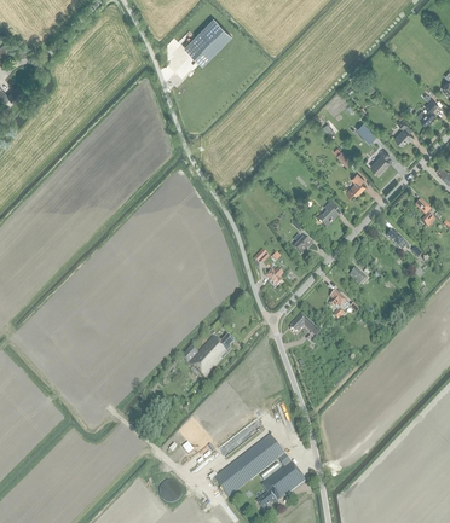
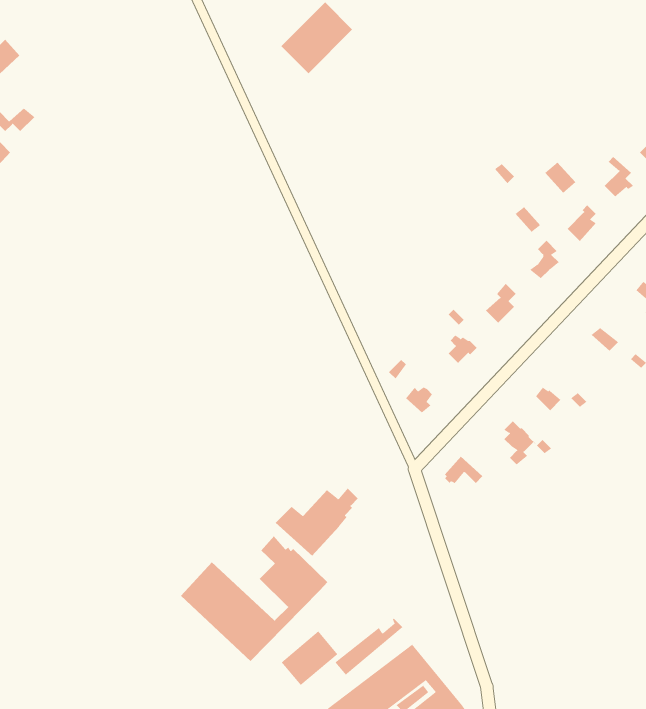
building: none -> [180,535,328,662]
building: none -> [281,631,338,686]

